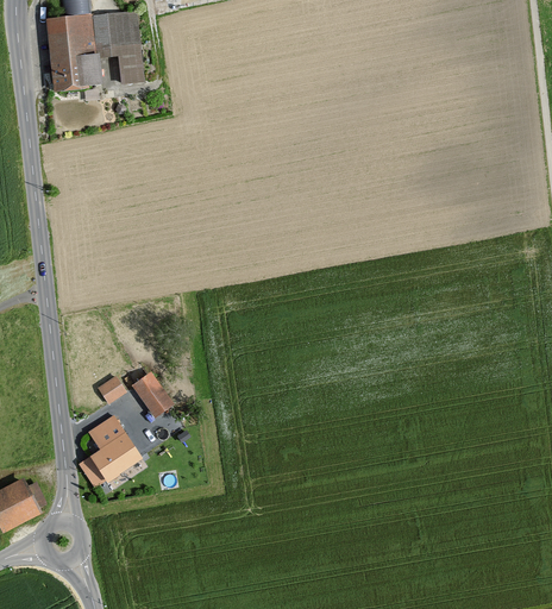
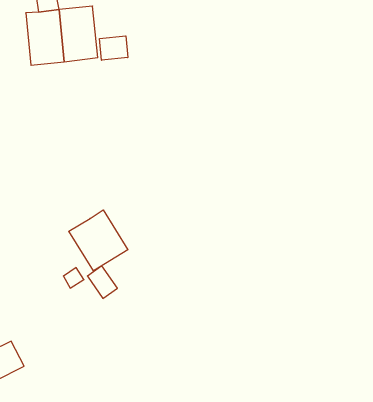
building: none -> [100,36,128,60]
building: none -> [69,210,128,271]
building: [88,412,144,482] -> none

